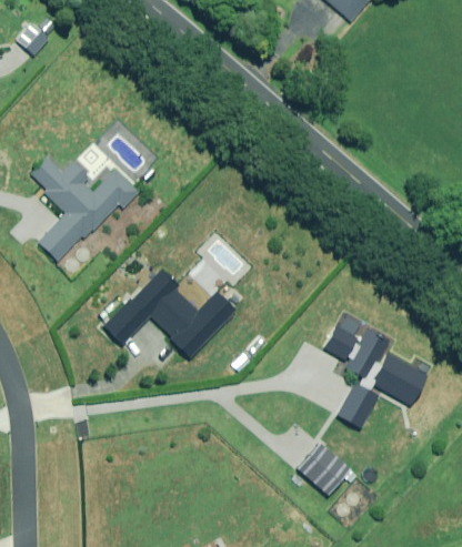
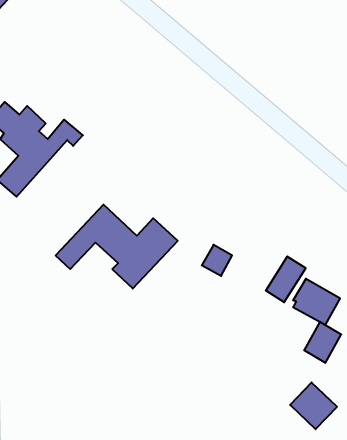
building: [322,324,356,359] -> [202,245,232,276]
building: [337,382,379,428] -> [304,322,341,363]
building: [295,443,349,496] -> [290,382,337,429]

